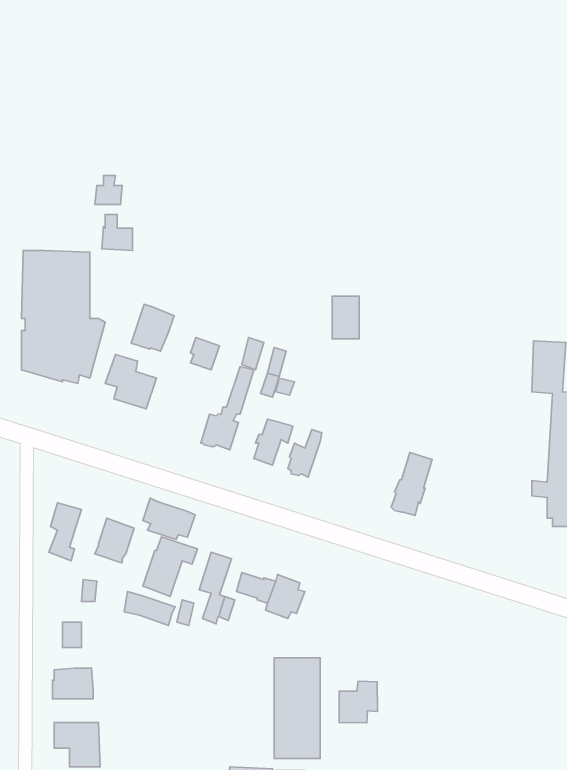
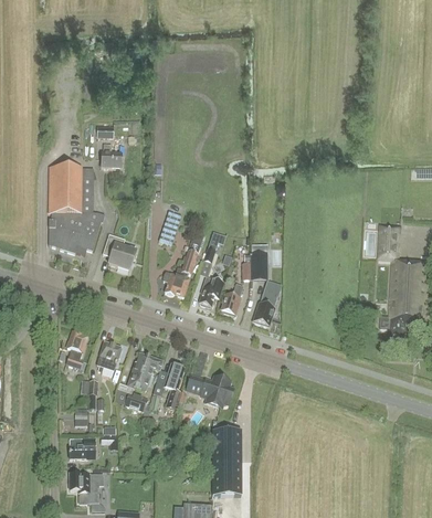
building: [332,296,359,339] -> [250,252,267,279]
building: [131,304,174,351] -> none
building: [391,453,432,516] -> [253,285,280,326]
building: [143,498,195,540] -> none
building: [339,681,378,723] -> none

